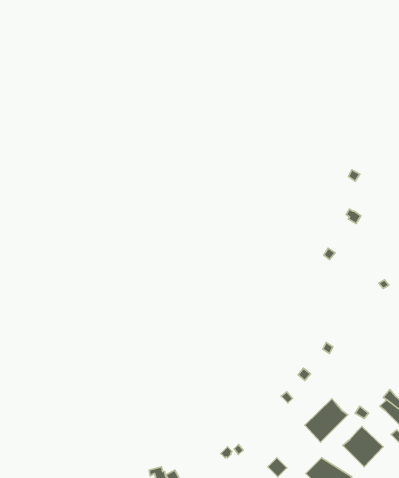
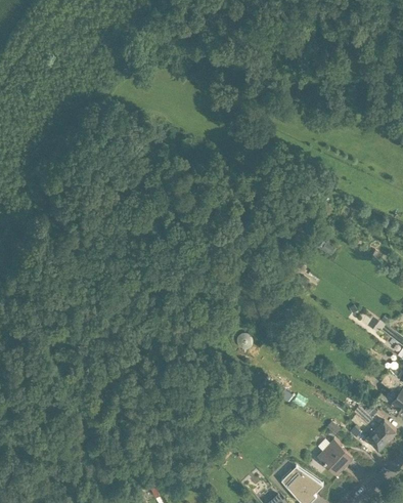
building: [305,399,348,442] -> none

